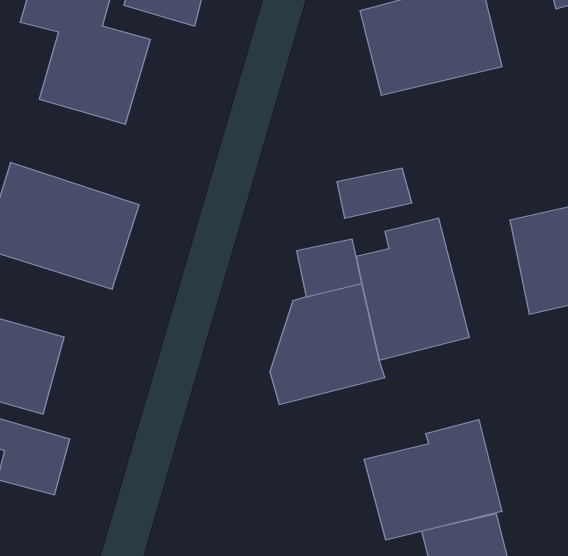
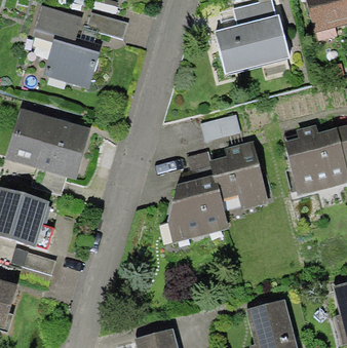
building: [364,420,502,540] -> none

